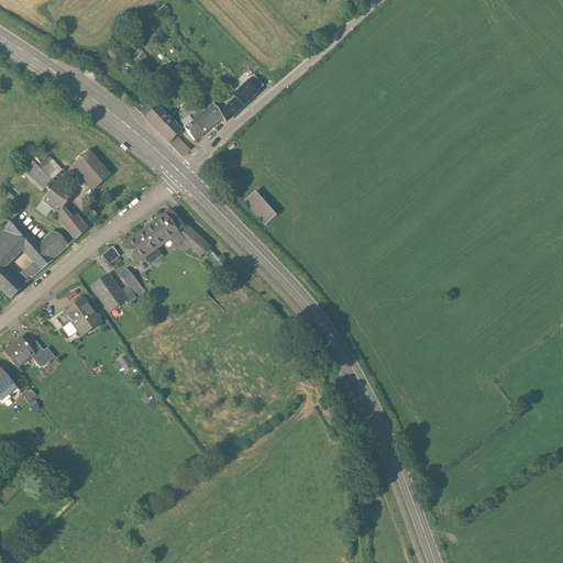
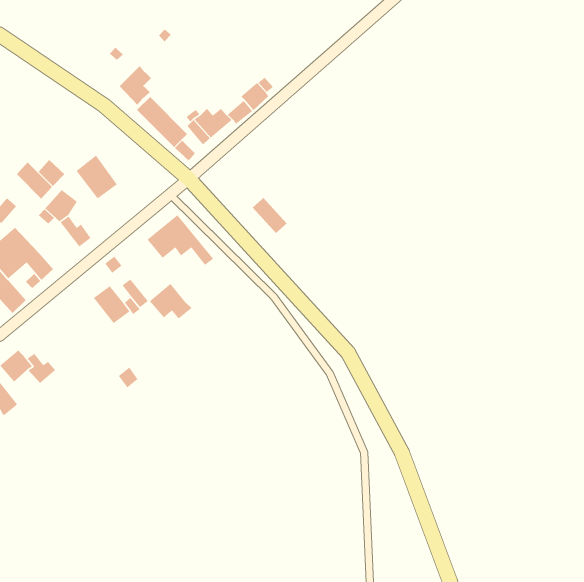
building: none -> [119,65,152,106]
building: [37,225,70,258] -> none
building: [120,230,162,265] -> [149,283,192,320]
building: [47,297,100,334] -> none

